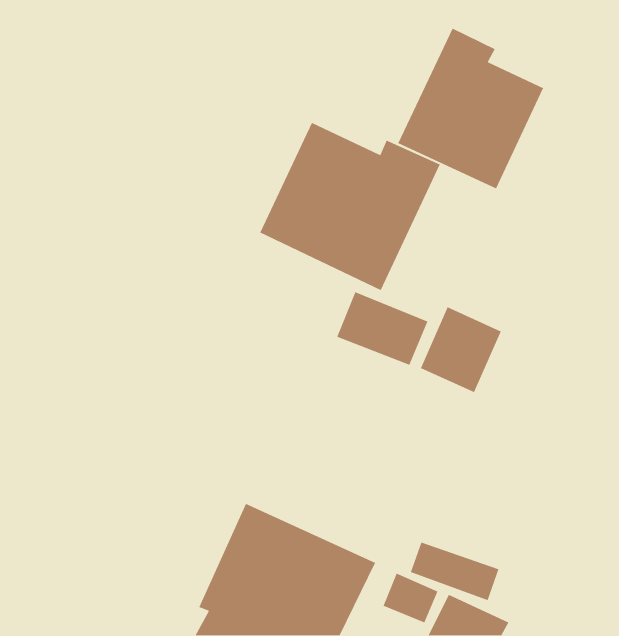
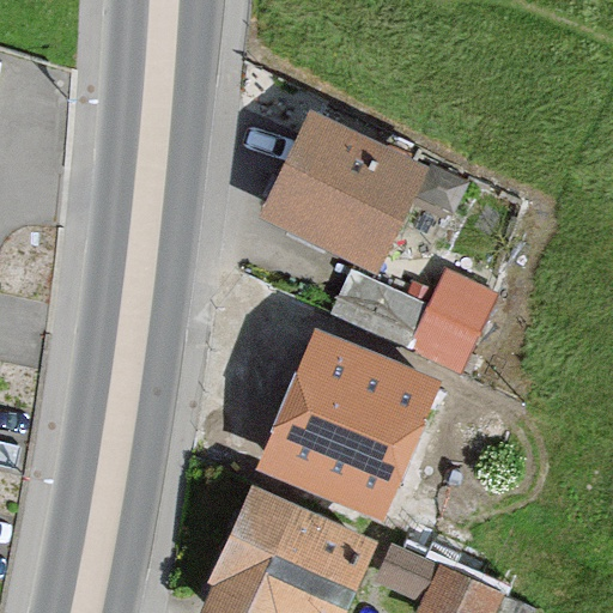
building: [397,27,544,189] -> none
building: none -> [236,287,438,520]

